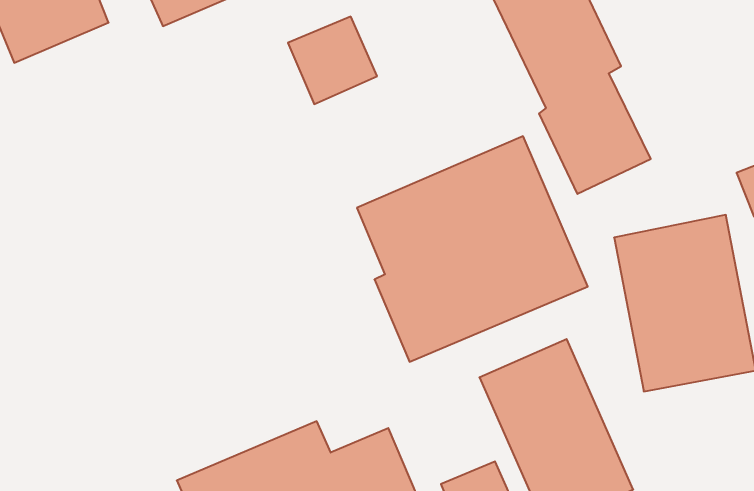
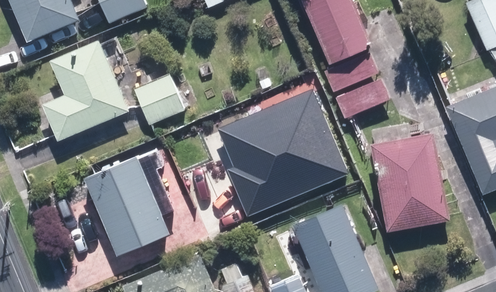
building: [288,17,377,104] -> [135,76,186,126]
building: none -> [41,41,127,142]
building: none -> [83,149,174,257]

